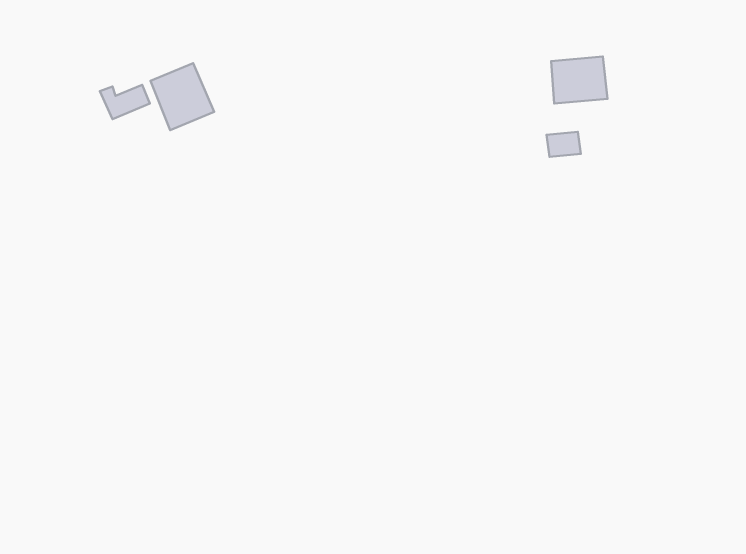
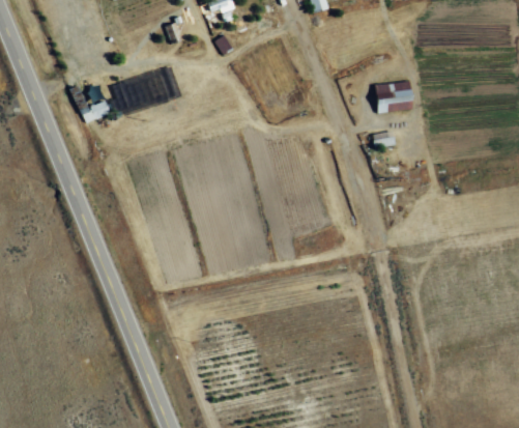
building: [150,63,214,130] -> none

